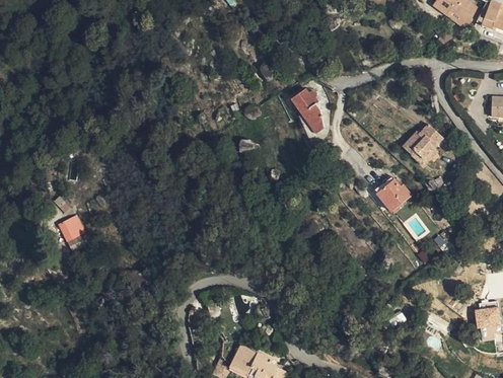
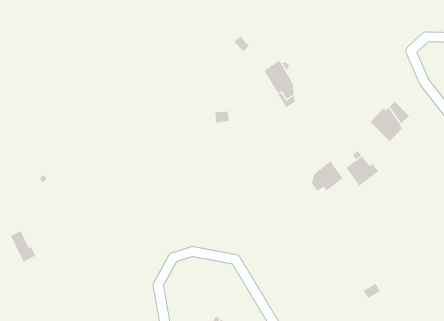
building: none -> [311,161,343,192]
building: [62,218,88,250] -> [10,230,36,263]

